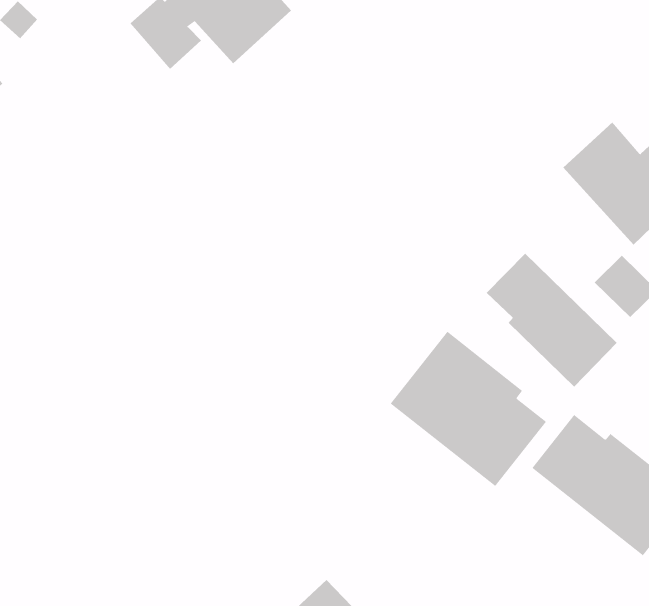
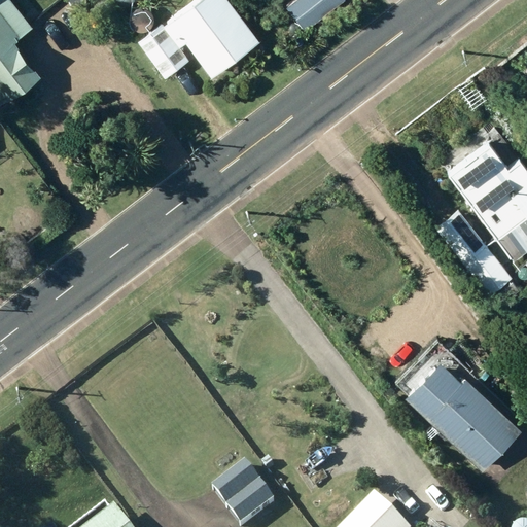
building: [486,253,618,388] -> none
building: [390,331,547,487] -> none

